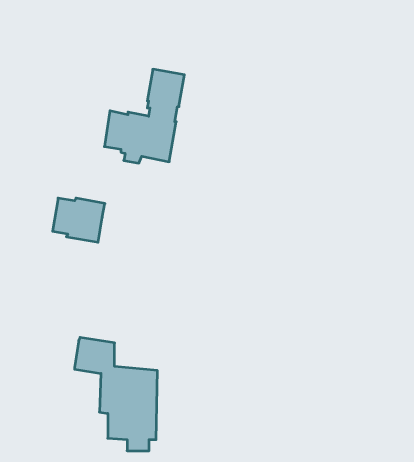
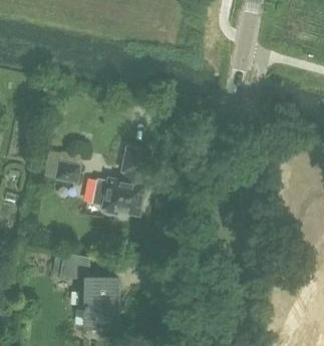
building: [104,69,184,163] -> [91,147,149,216]

